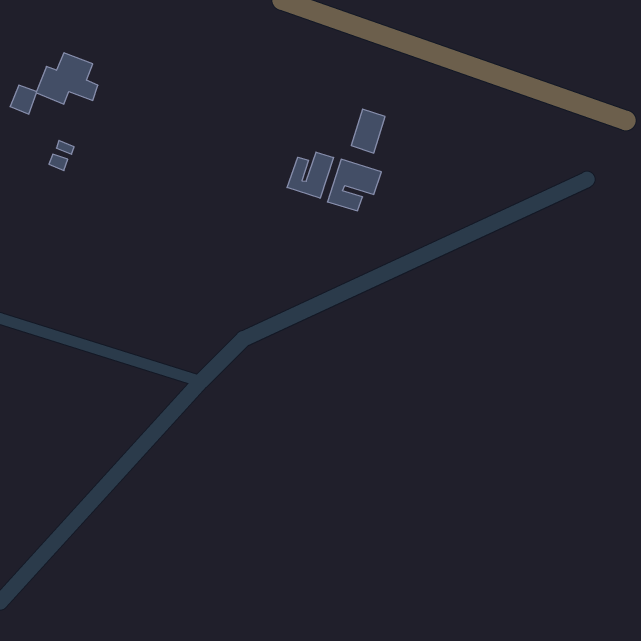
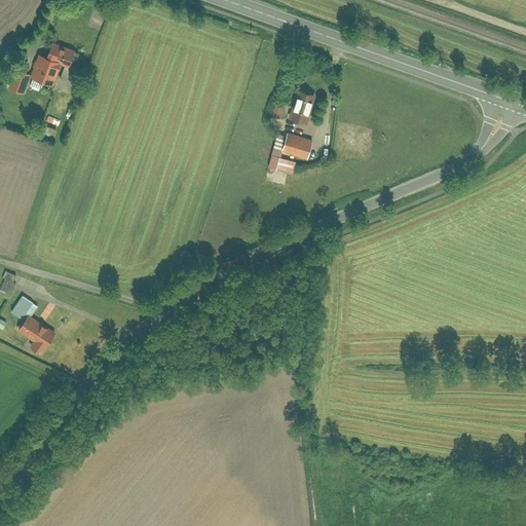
building: [287,152,334,198] -> none
building: none -> [11,296,57,354]

